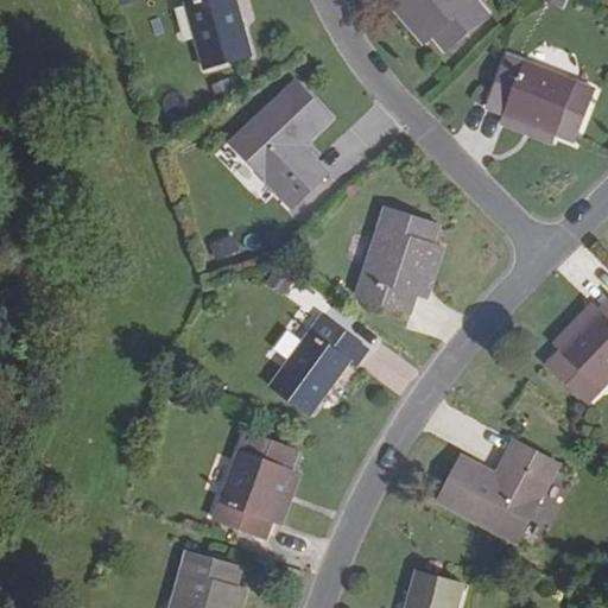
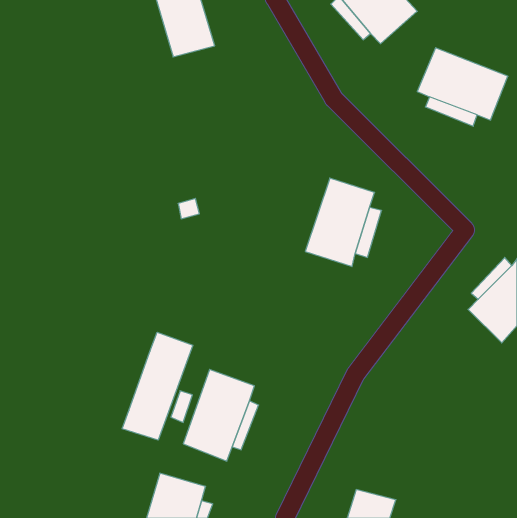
building: [230,83,329,207] -> none
building: [271,316,367,413] -> none
building: none -> [122,332,193,440]
building: [437,438,557,540] -> none

